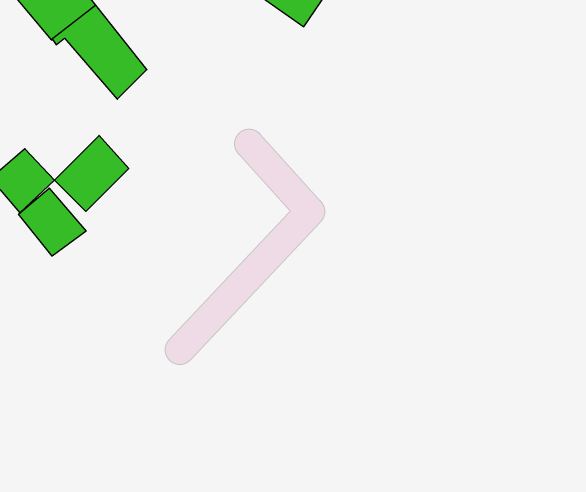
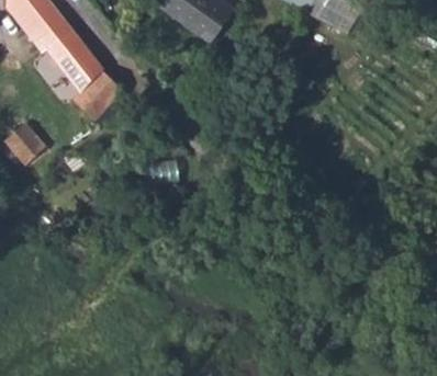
building: [55,135,129,211] -> [76,72,125,123]
building: [19,188,86,256] -> none

